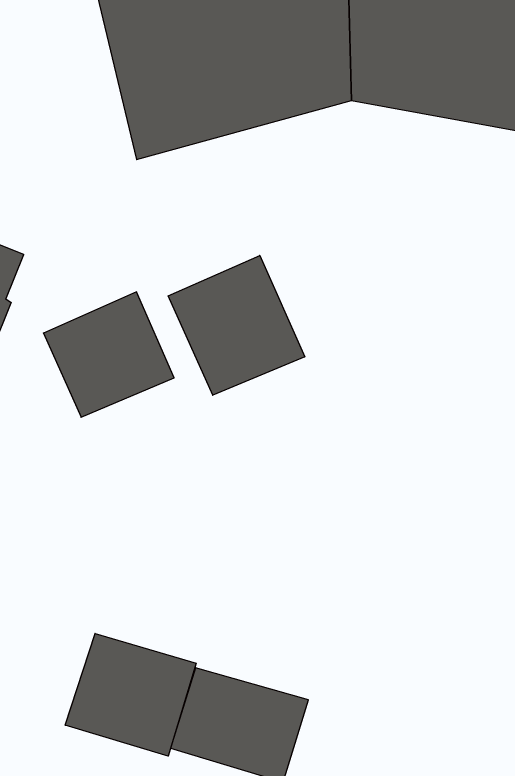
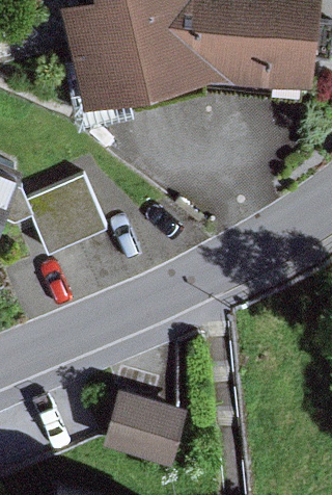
building: [168,255,305,395] -> none
building: [65,633,196,756] -> none

